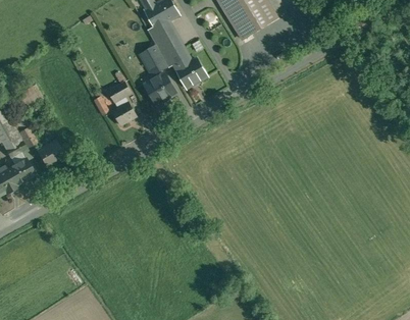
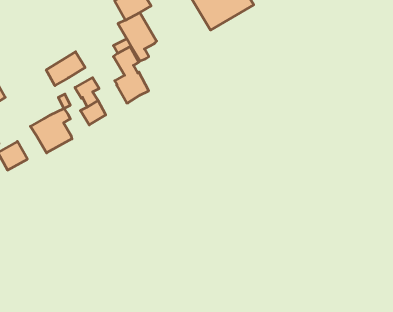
building: [173,51,207,89] -> none
building: none -> [46,52,85,86]
building: none -> [30,108,72,153]

